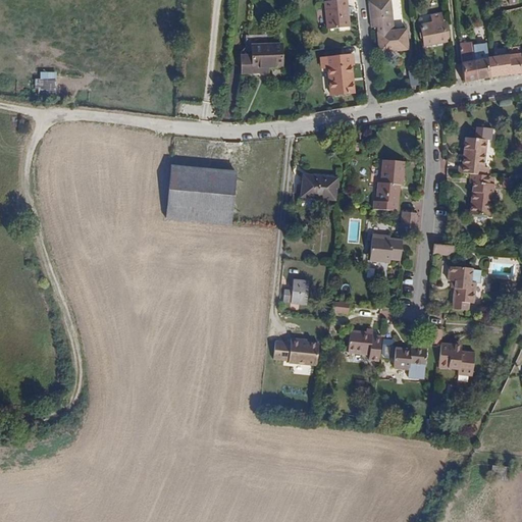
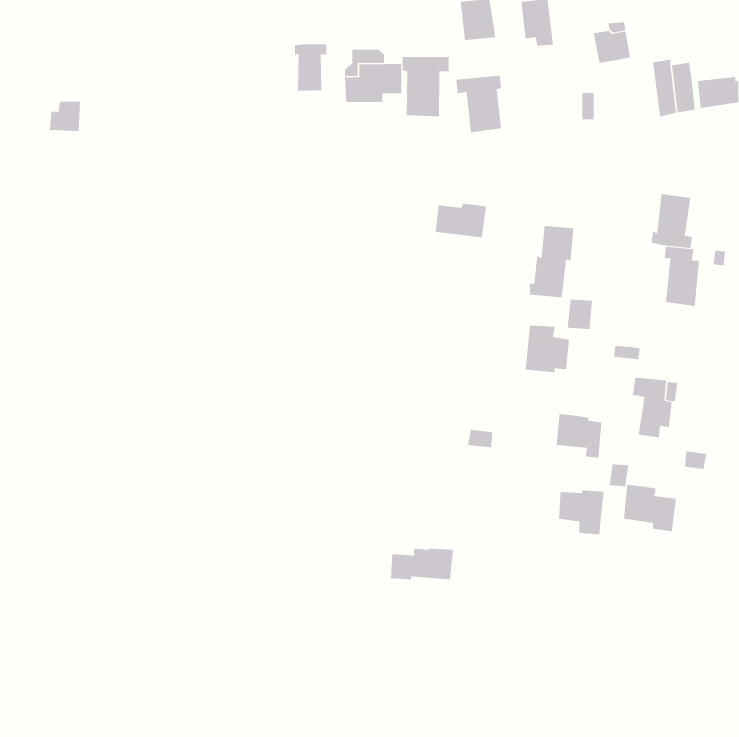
building: [378,31,407,51] -> none
building: none -> [294,43,327,91]
building: none -> [402,56,449,117]
building: [166,166,237,223] -> none
building: [301,175,337,200] -> [435,203,487,238]
building: [282,280,309,304] -> none
building: [348,329,380,361] -> [556,413,602,458]
building: [274,336,319,359] -> [390,548,454,580]

